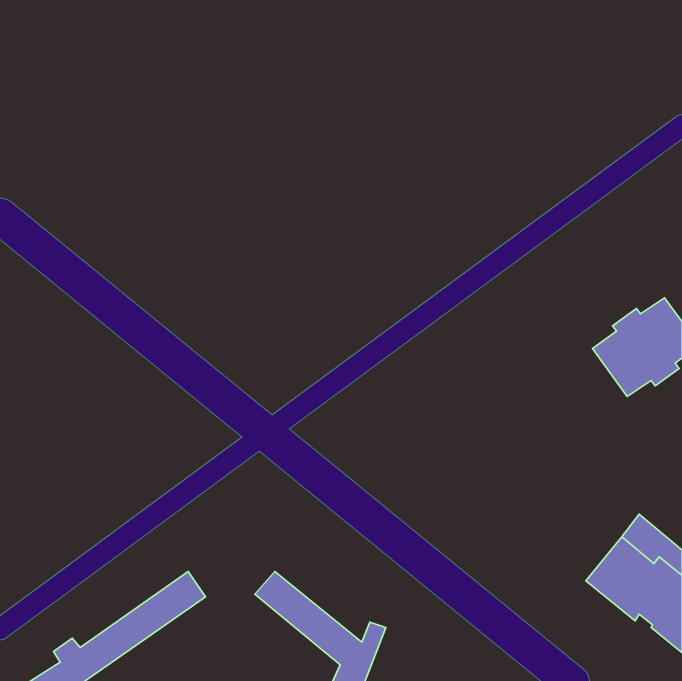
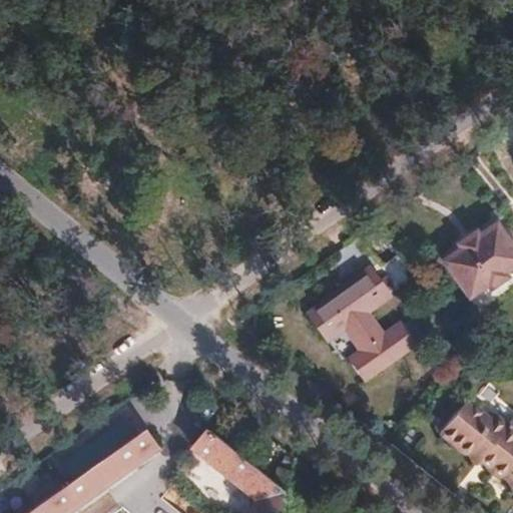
building: none -> [309,252,419,385]

